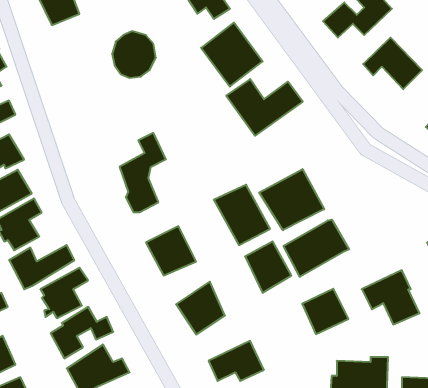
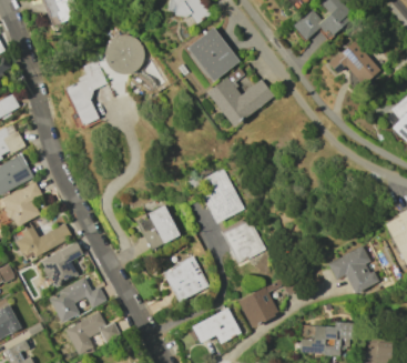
building: [120,133,166,212] -> [67,59,108,129]
building: [259,169,324,230] -> none
building: [284,220,349,277] -> none
building: [302,289,348,334] -> [238,286,279,326]

